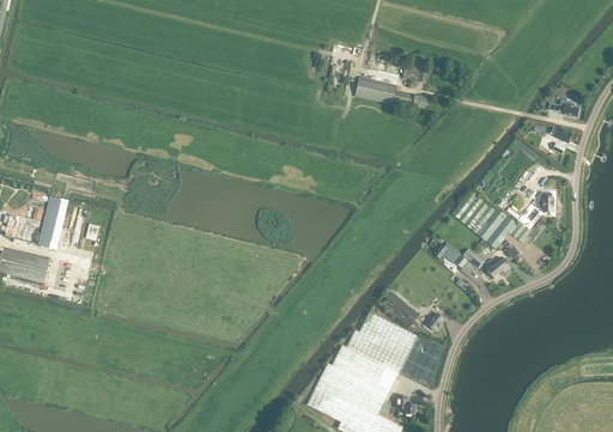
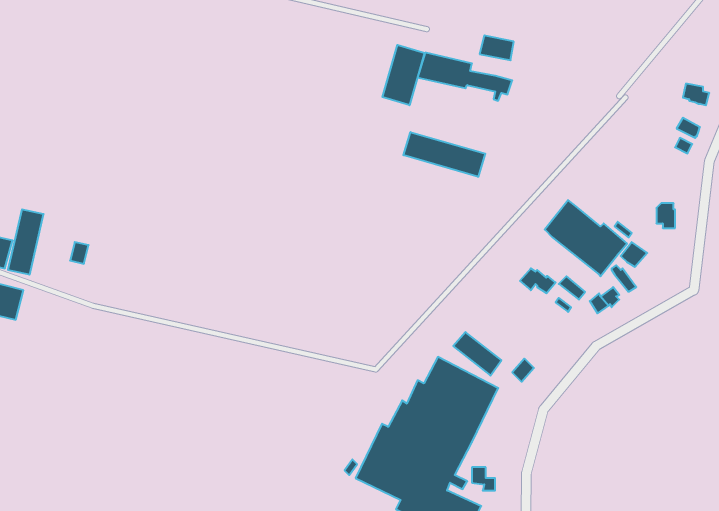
building: none -> [382,45,424,105]
building: none -> [403,132,485,177]

